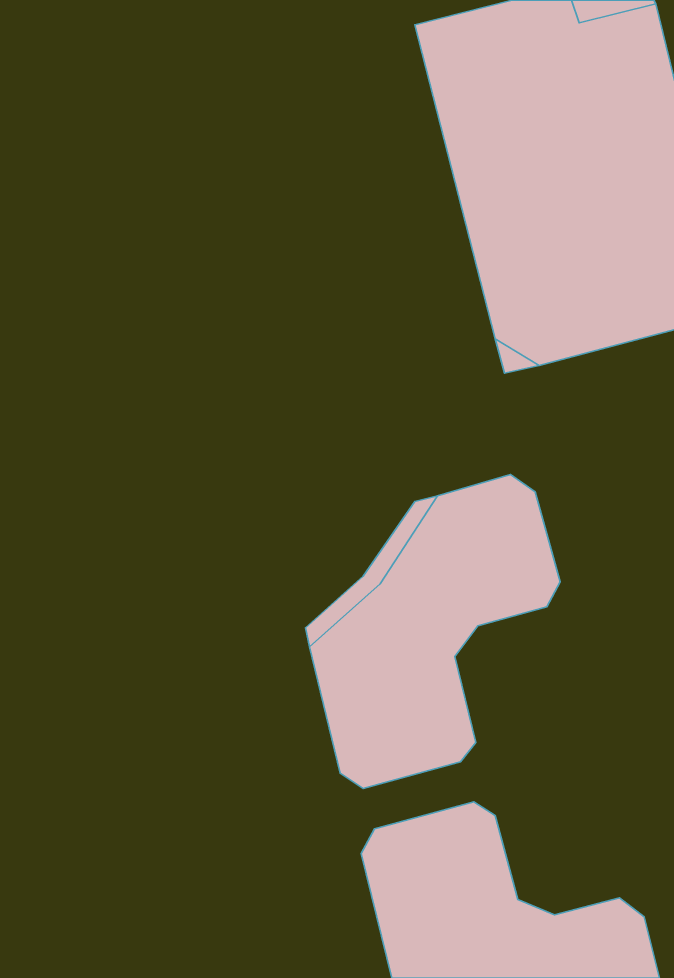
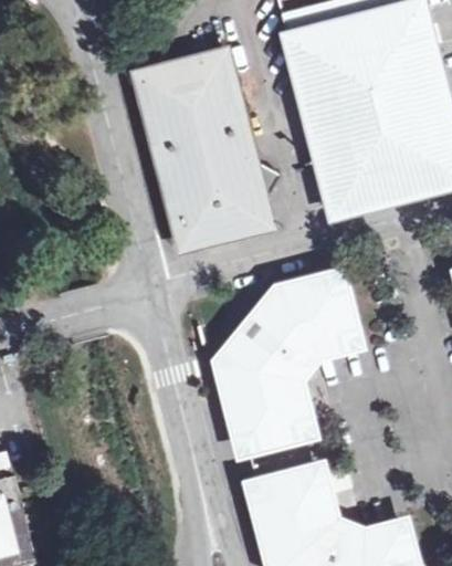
building: none -> [136,53,280,247]

